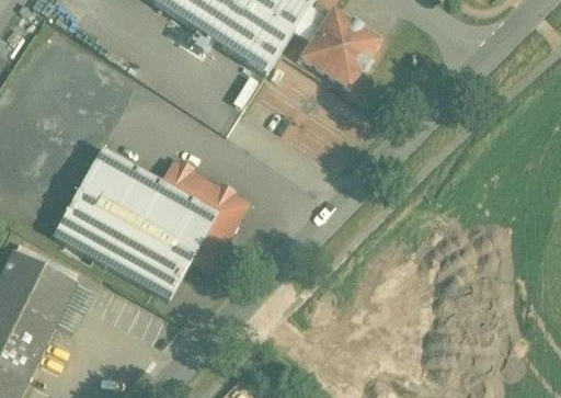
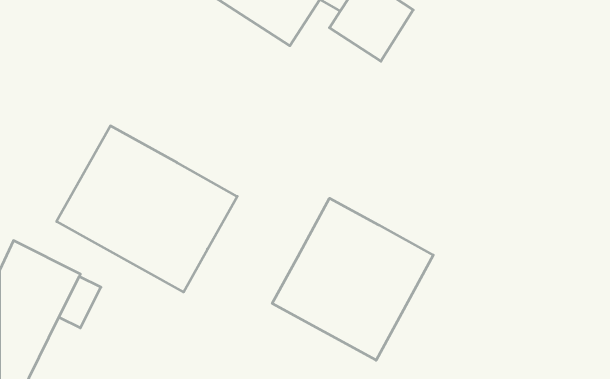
building: [163,163,247,270] -> none
building: none -> [272,198,433,360]

